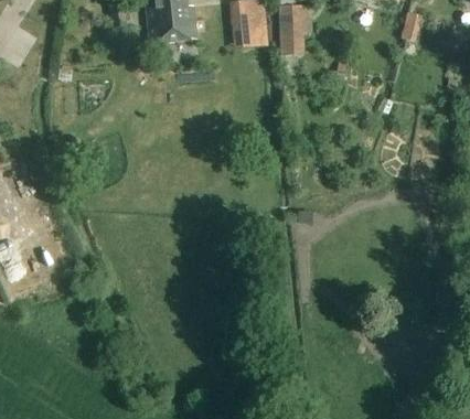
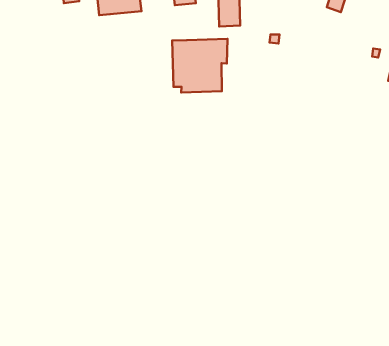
building: none -> [172,39,227,92]

